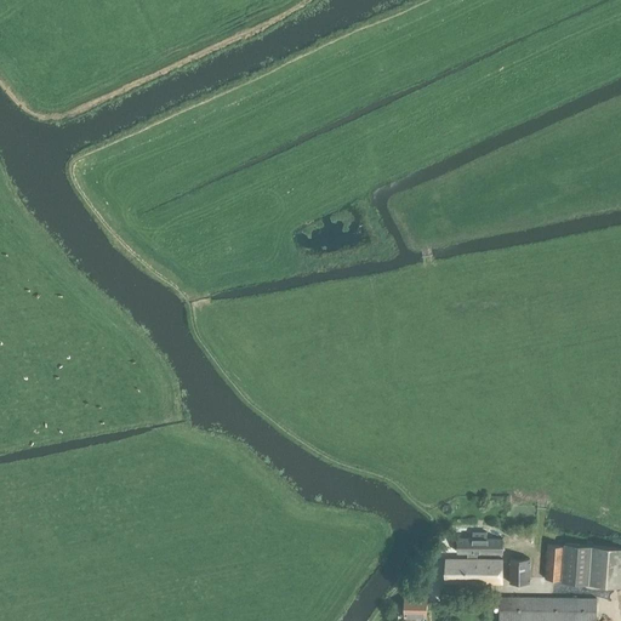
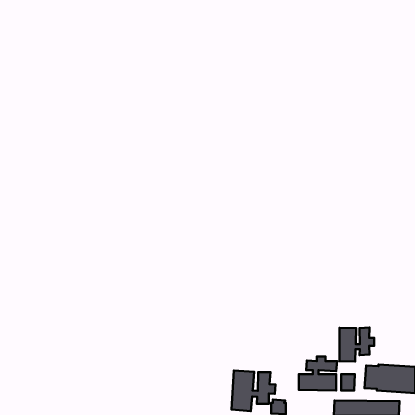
building: none -> [339,328,374,361]
building: none -> [232,370,276,411]

